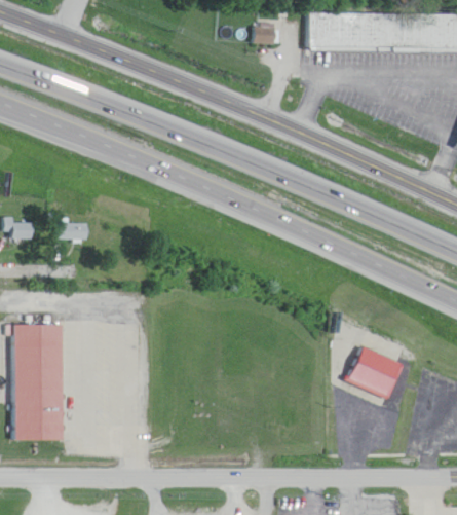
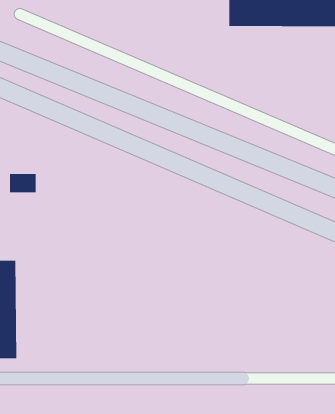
building: [257,24,278,43] -> none
building: [350,345,406,396] -> none

